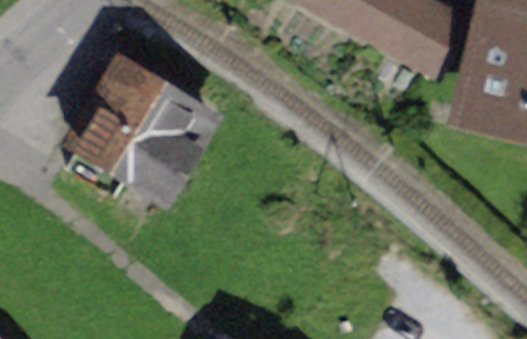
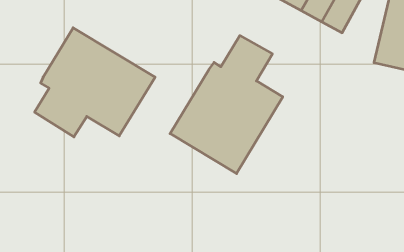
building: none -> [170,36,283,174]

